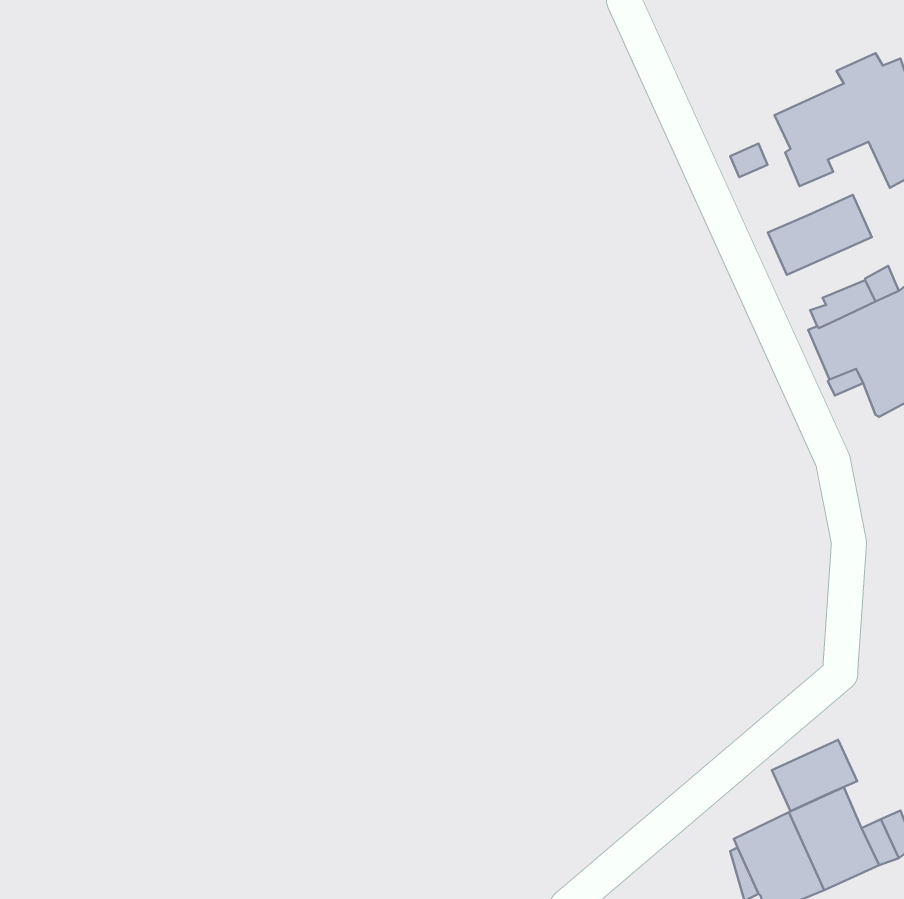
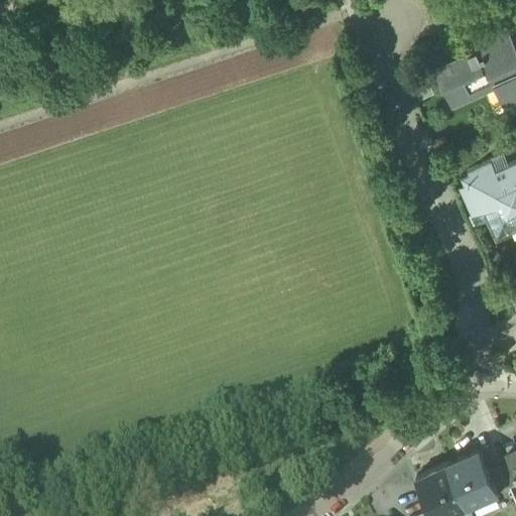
building: [768,195,872,275] -> none
building: [772,740,857,811] -> none

